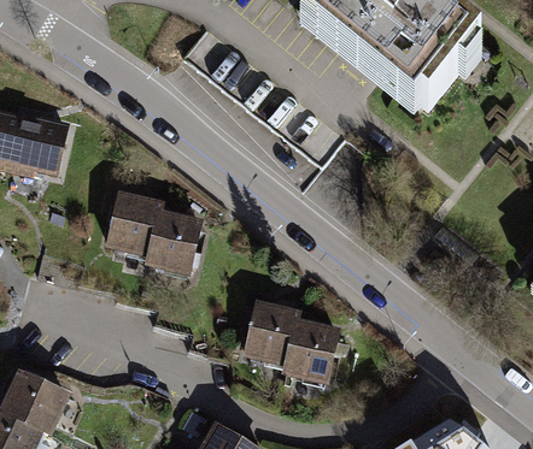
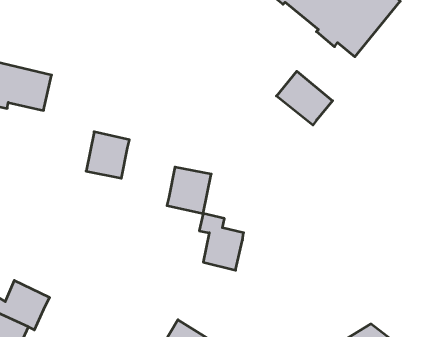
building: none -> [276,71,333,125]
building: [147,217,200,272] -> [167,167,211,214]
building: [283,326,336,380] -> none

